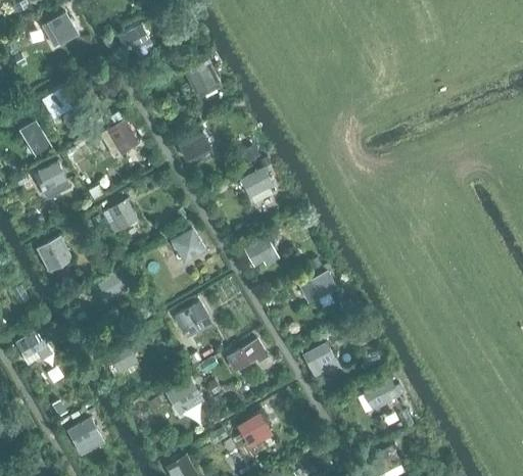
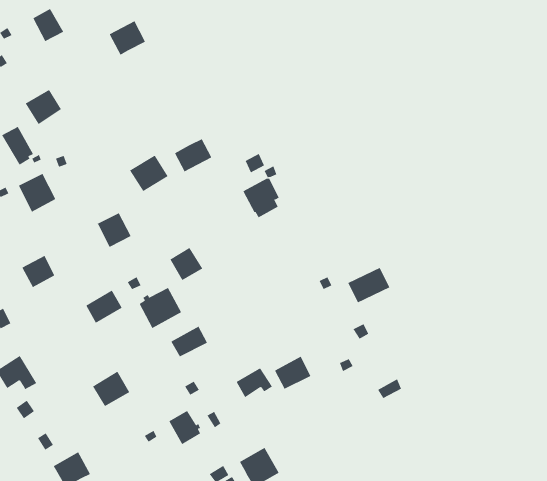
building: [184,59,220,94] -> none
building: [101,121,137,154] -> [129,155,169,192]
building: [244,236,278,268] -> none
building: none -> [139,287,182,329]
building: [299,271,338,303] -> [348,267,390,303]
building: [302,342,336,373] -> [274,356,311,390]
building: [363,378,403,411] -> none

